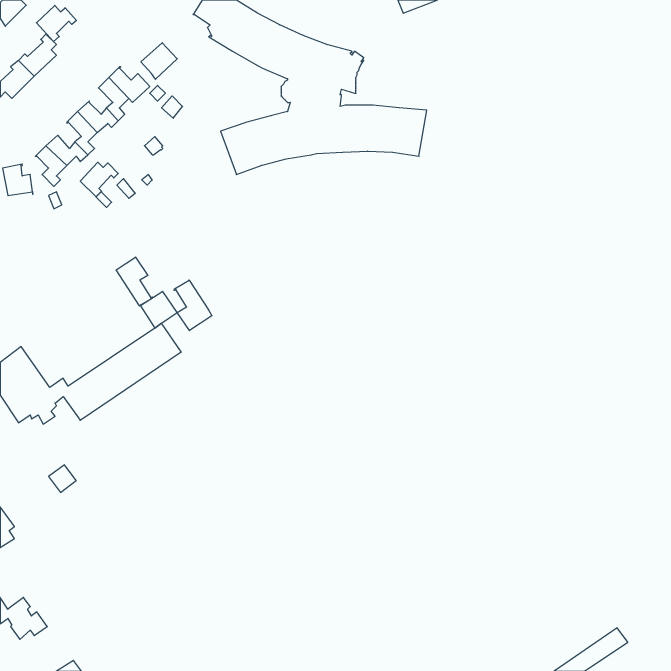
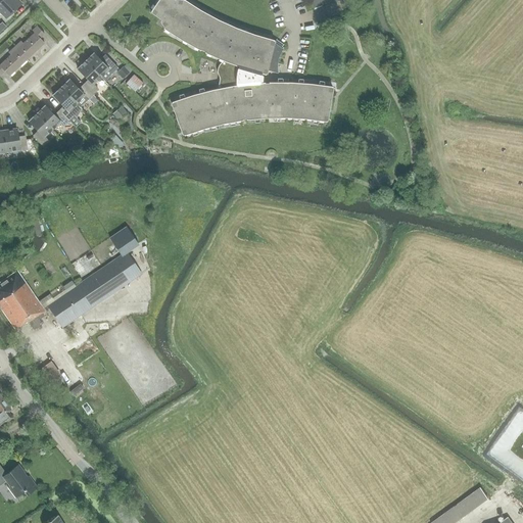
building: [36,5,76,42] -> none
building: [141,43,177,79] -> none
building: [80,162,118,197] -> none
building: [116,257,152,306] -> none
building: [174,280,212,331] -> none

